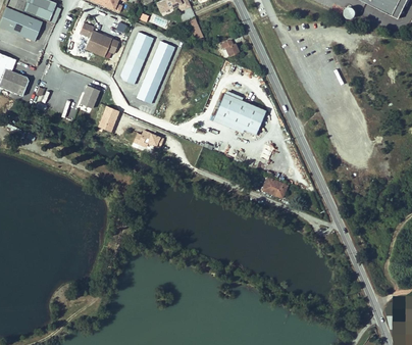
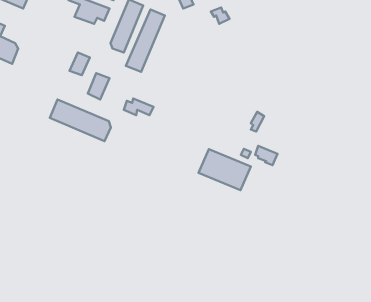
building: [213,93,265,134] -> [199,149,251,190]
building: none -> [50,99,111,141]

